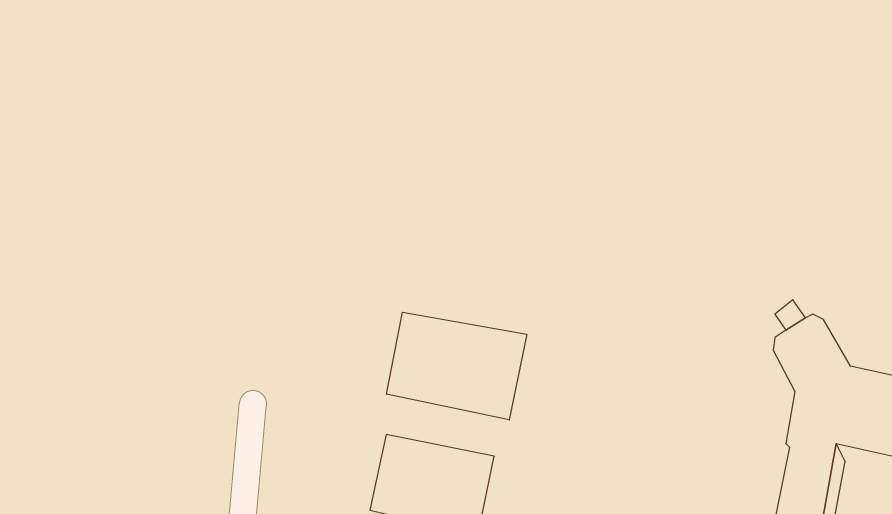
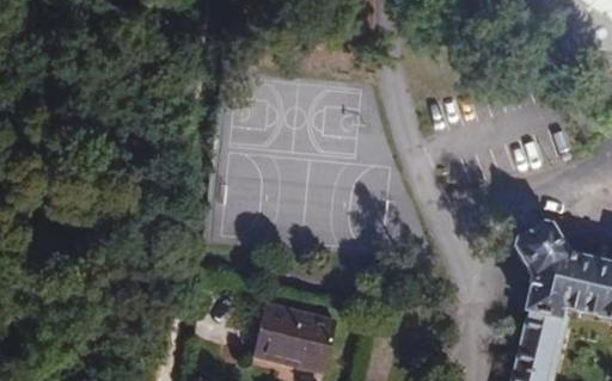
building: [387,312,527,420] -> none

